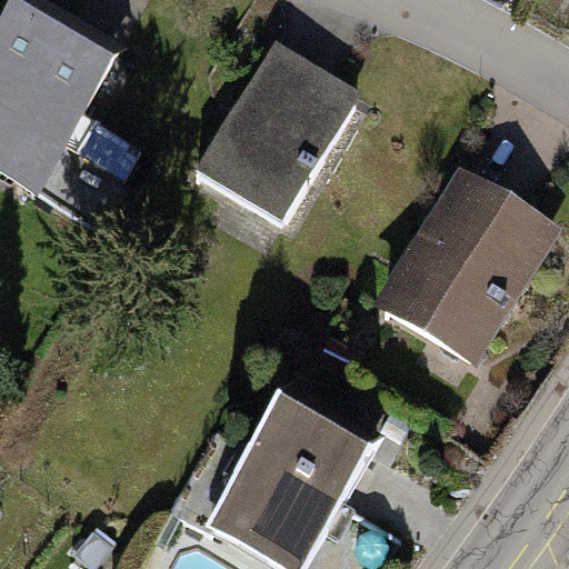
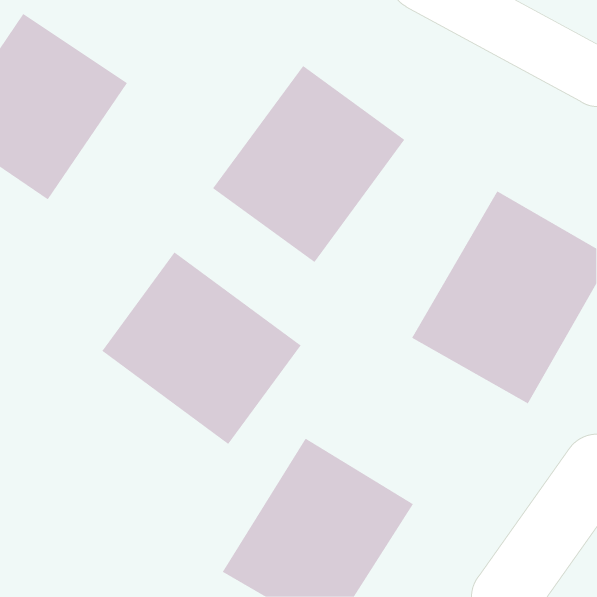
building: none -> [101,252,301,445]

